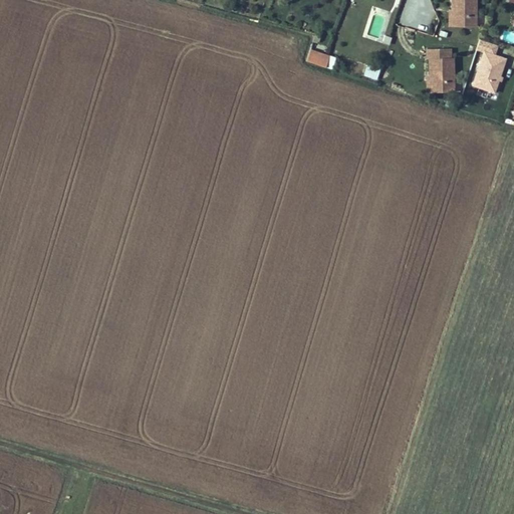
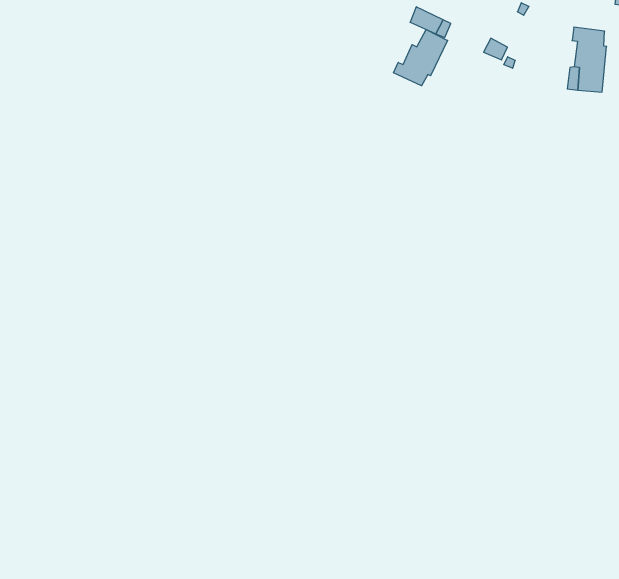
building: none -> [394,29,448,86]

